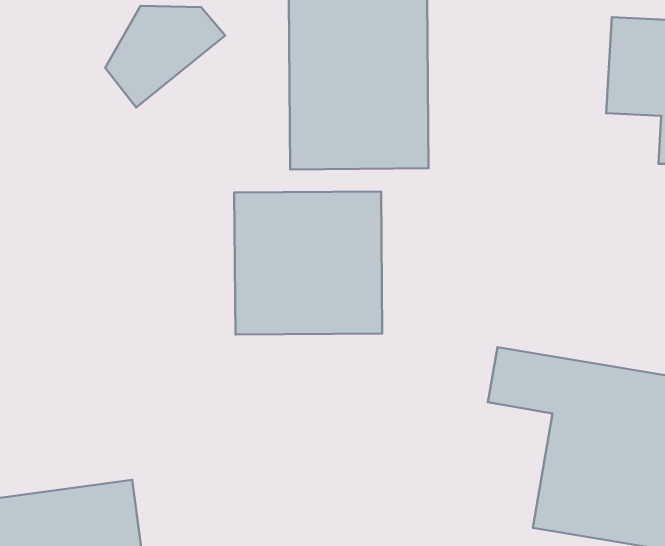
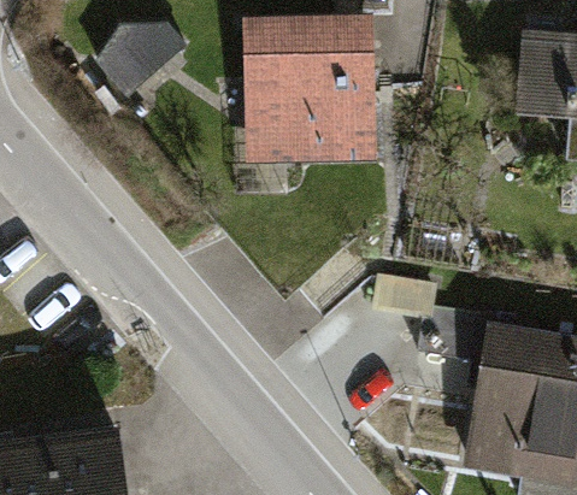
building: [234,192,382,334] -> none

